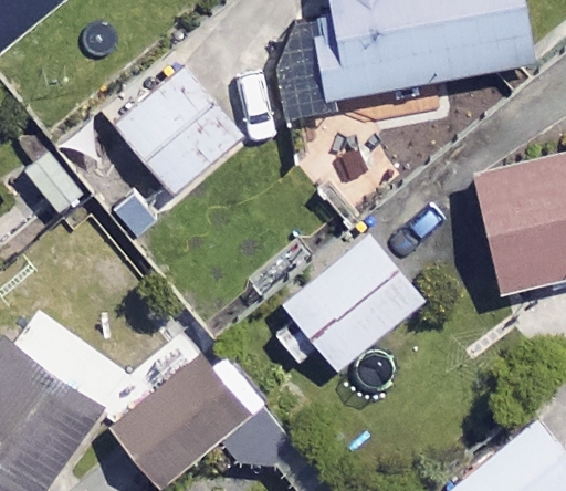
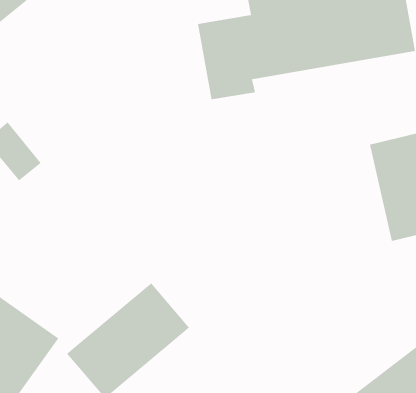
building: [109,63,242,197] -> none
building: [281,232,423,372] -> none

